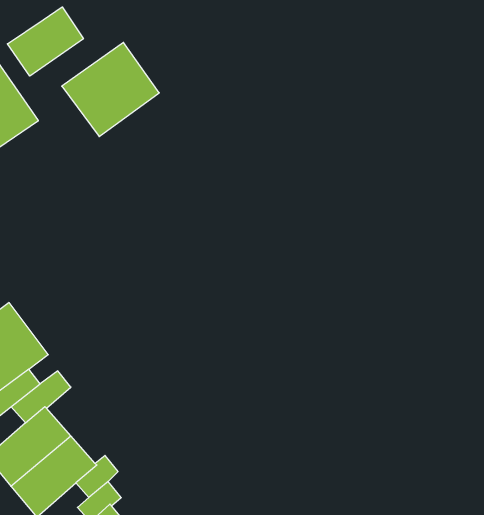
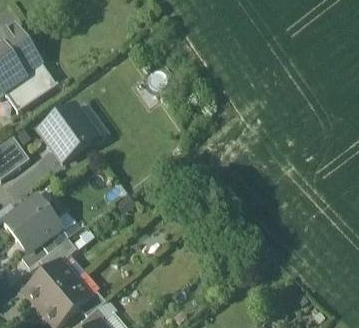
building: [7,7,83,76] -> none
building: [62,42,159,137] -> [39,104,99,162]

